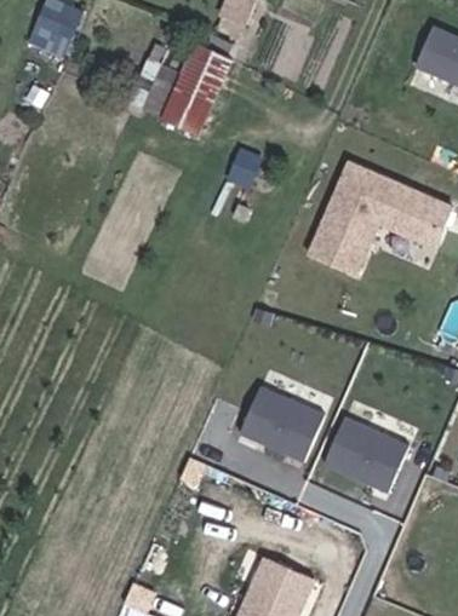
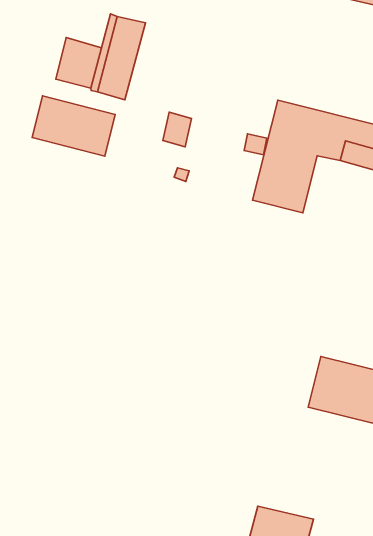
building: none -> [32,96,115,156]
building: [246,382,331,457] -> none

